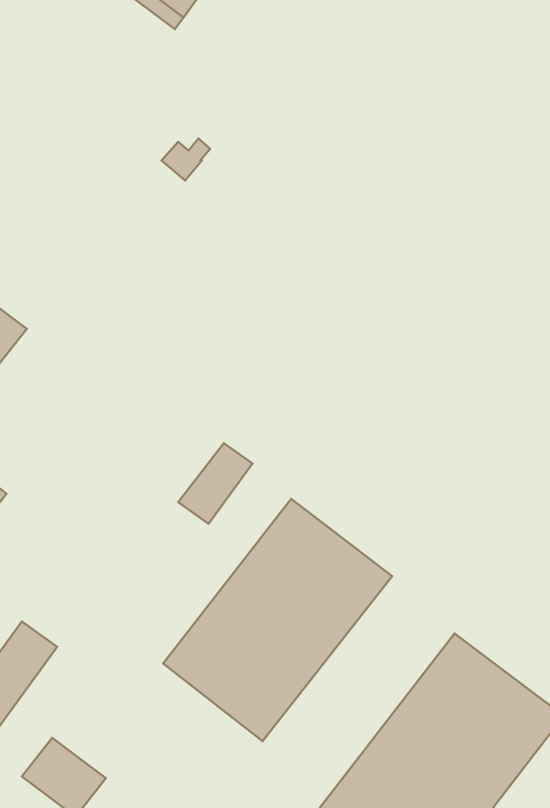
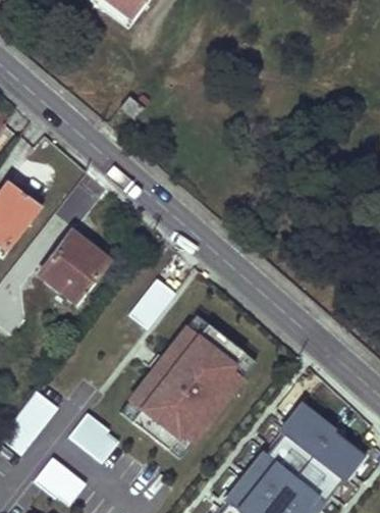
building: none -> [39,233,108,304]
building: none -> [69,413,120,462]

